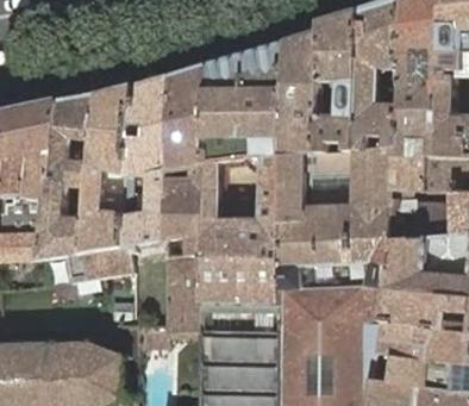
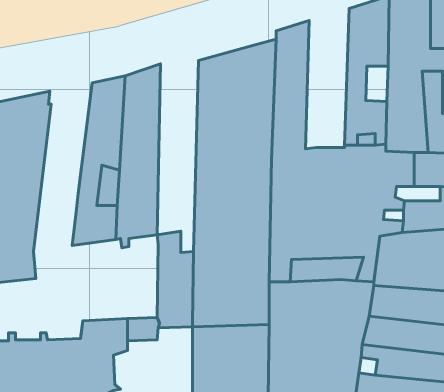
building: [314,12,358,154] -> none
building: [164,57,206,258] -> none
building: [39,87,132,282] -> none

